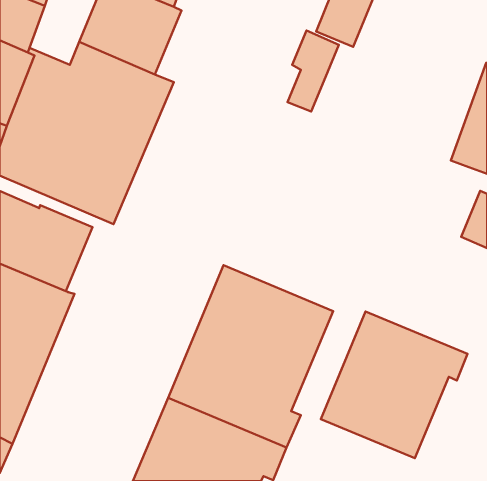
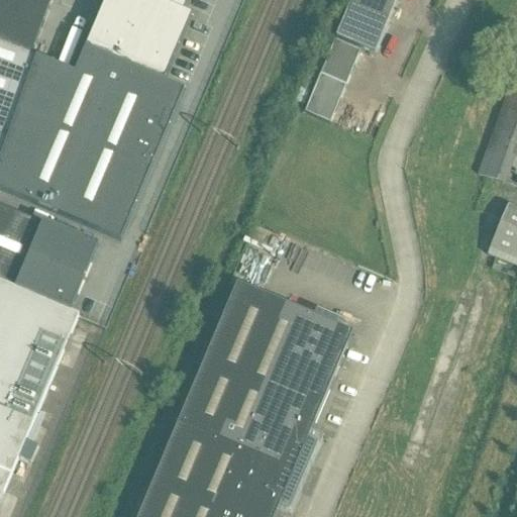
building: [321,311,467,458] -> none

